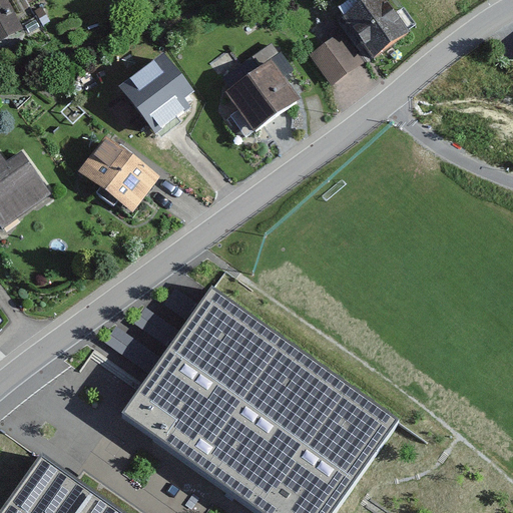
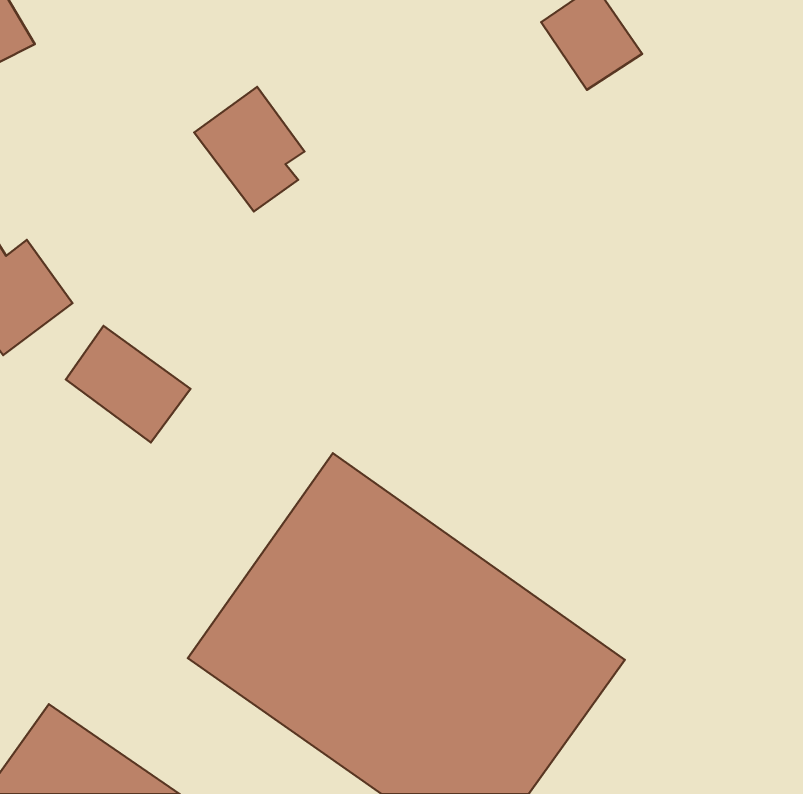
building: [306,27,365,85] -> none
building: [224,61,298,133] -> none
building: [77,139,156,213] -> [66,326,190,443]

